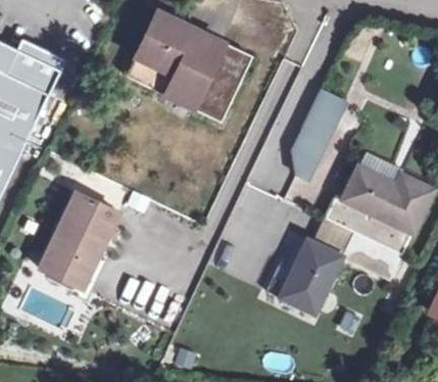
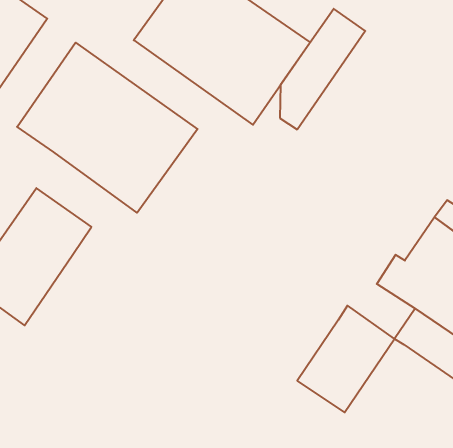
building: none -> [17,43,198,213]
building: [291,90,345,179] -> [280,9,365,129]

